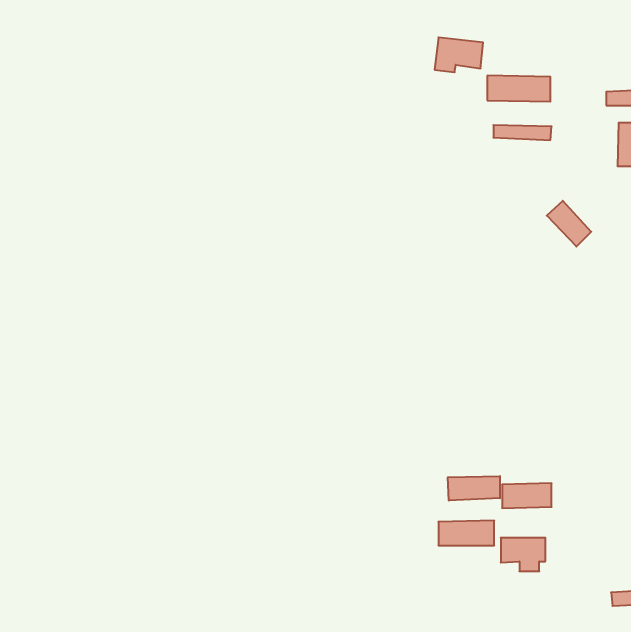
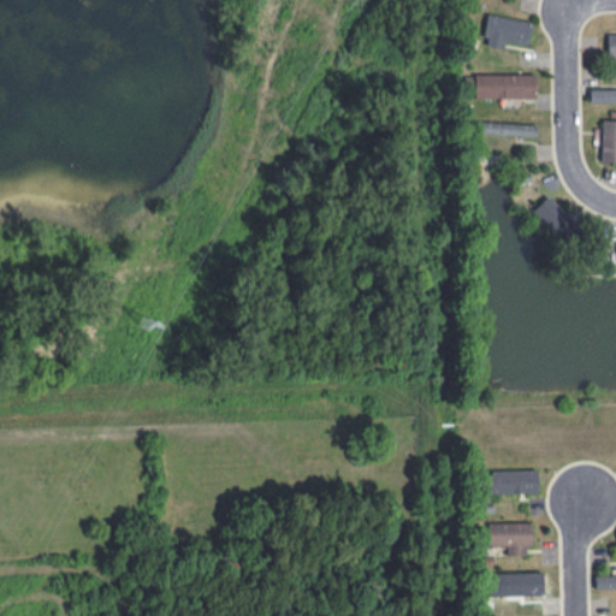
building: [435,37,483,72] -> [485,16,532,49]
building: [448,476,500,501] -> none
building: [438,521,494,545] -> [488,573,543,597]

